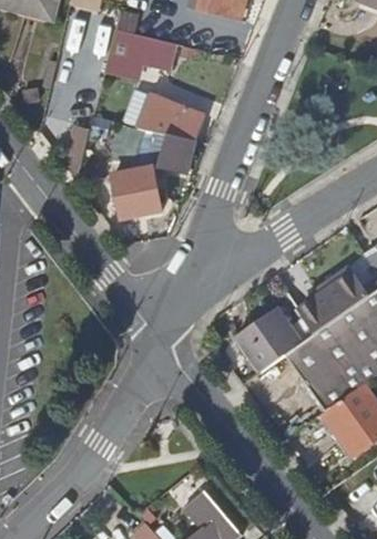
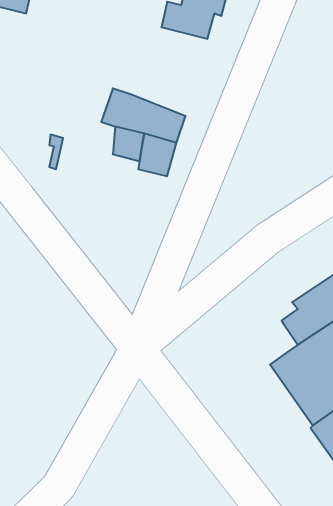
building: [103,28,174,80] -> none
building: [110,163,162,211] -> none
building: [234,310,300,374] -> none

